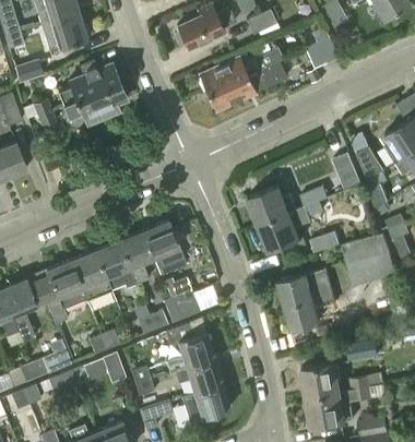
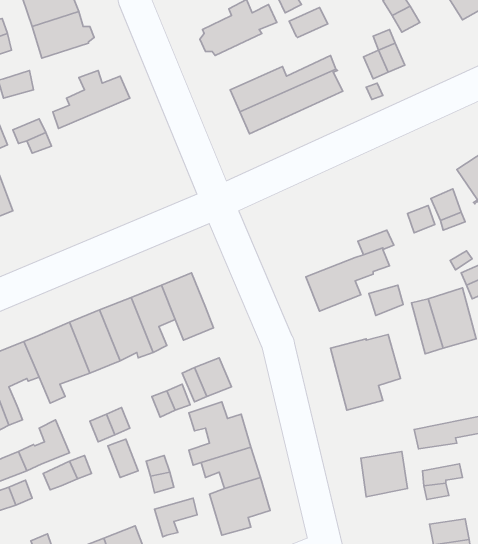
building: [61,82,126,126] -> none
building: [247,184,297,224] -> none
building: [306,392,344,427] -> none

